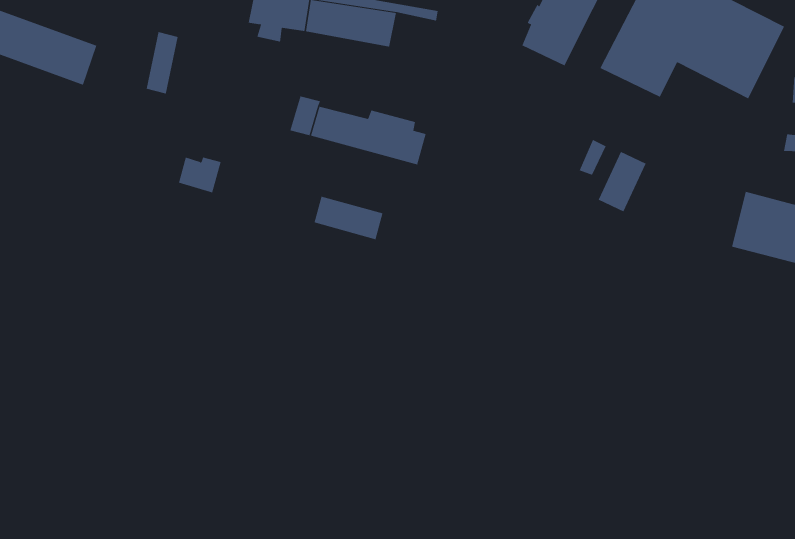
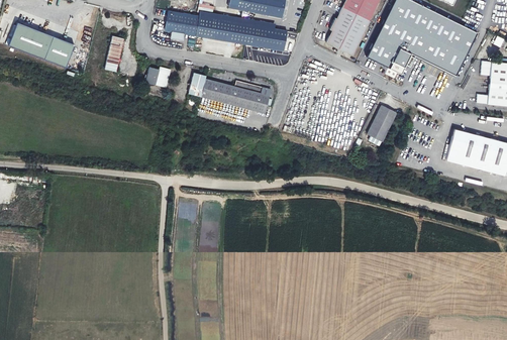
building: none -> [246,24,288,50]
building: [178,157,221,193] -> [145,67,171,88]
building: [314,196,383,240] -> none

